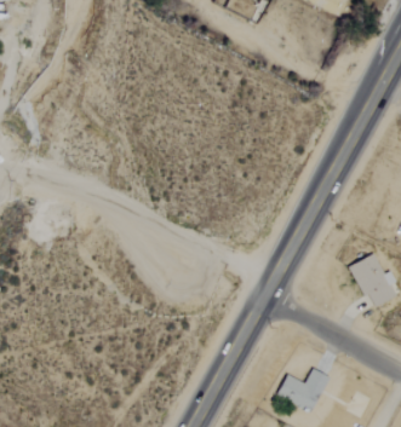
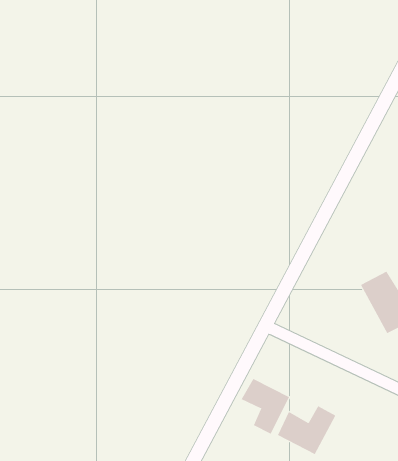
building: none -> [241,378,290,434]

